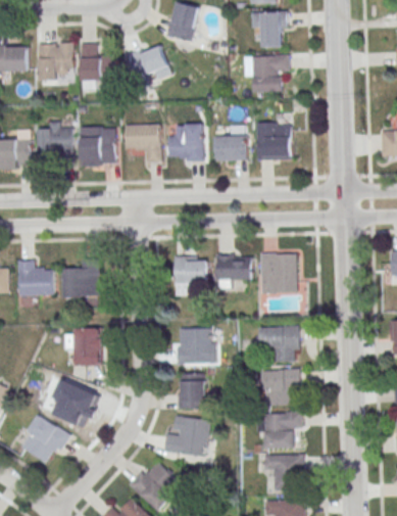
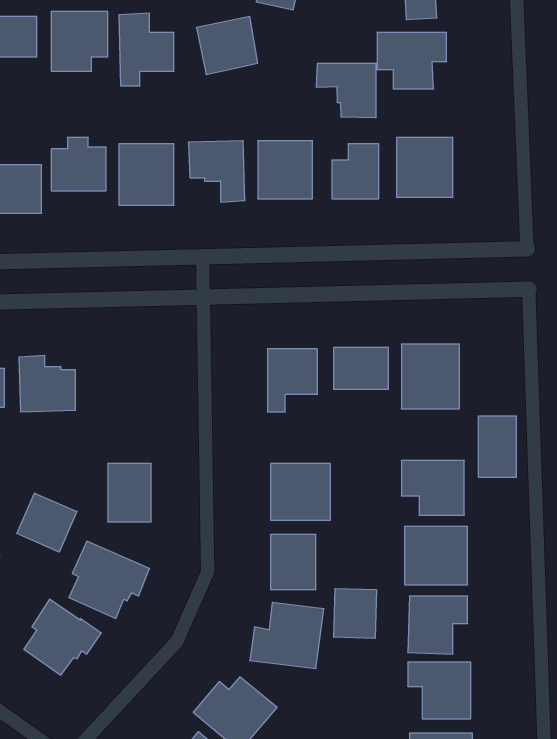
building: none -> [317,63,376,118]
building: [62,260,99,297] -> none
building: none -> [479,416,516,477]
building: none -> [17,493,77,552]
building: none -> [334,588,376,638]

